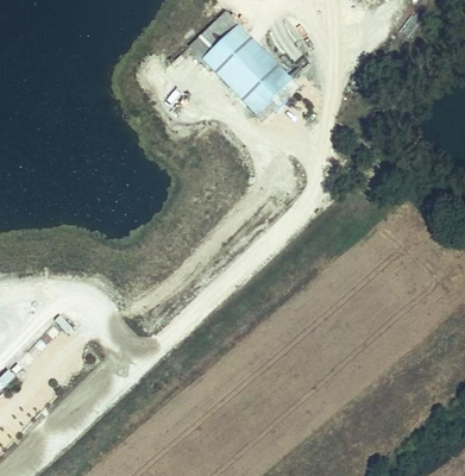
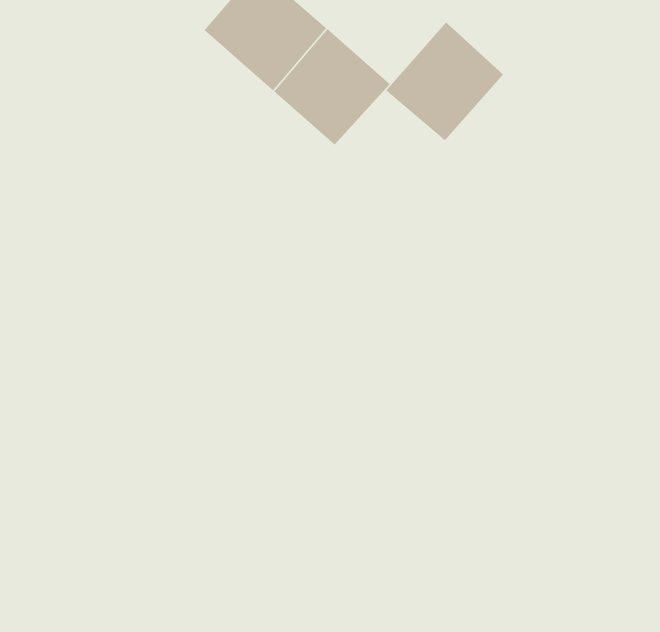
building: none -> [385,21,504,141]

